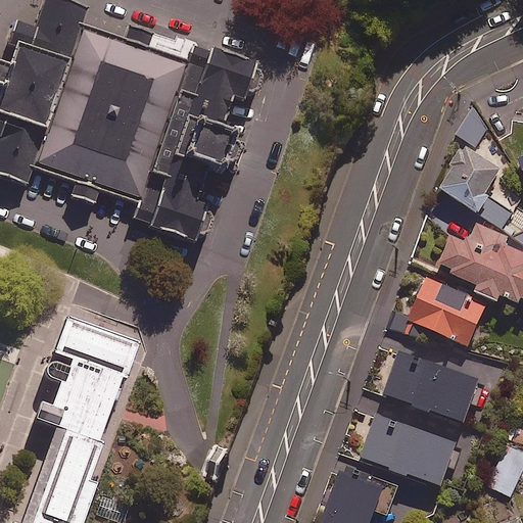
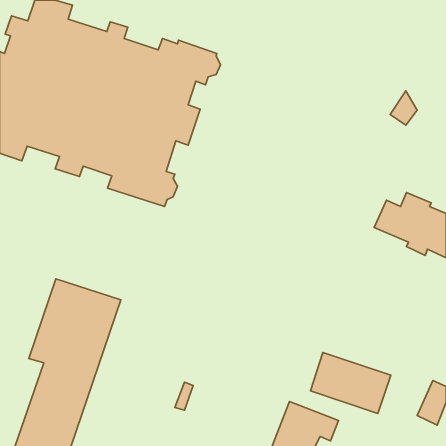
building: [438,145,514,230] -> none
building: [407,276,486,345] -> none
building: [384,351,479,421] -> none

